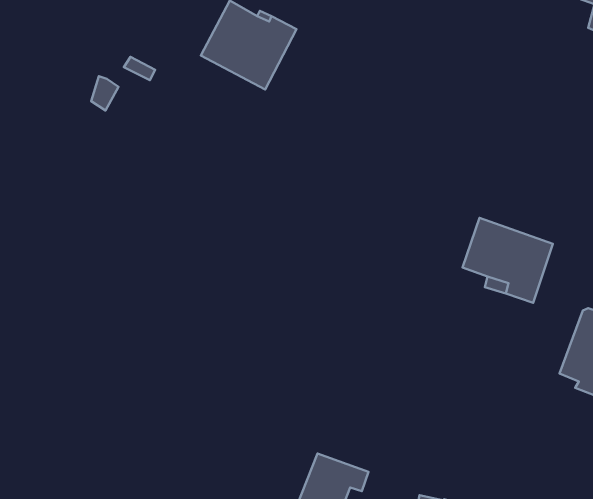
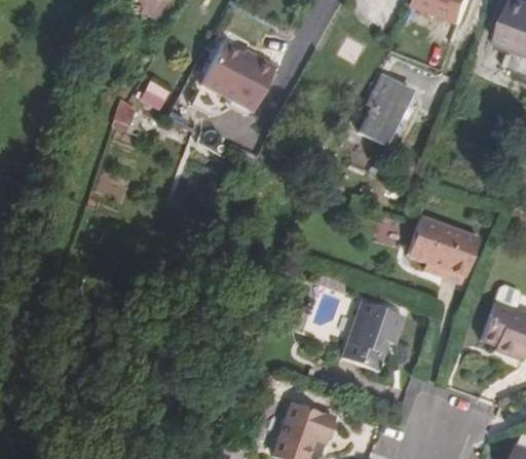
building: none -> [354,74,414,147]
building: none -> [343,299,405,370]

